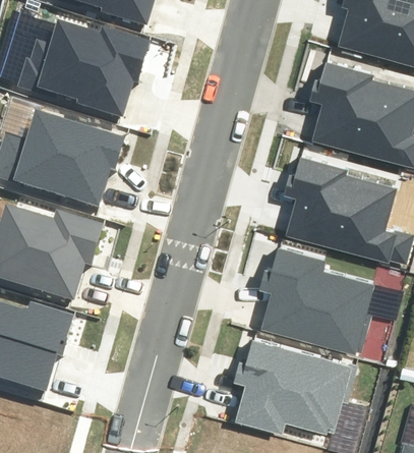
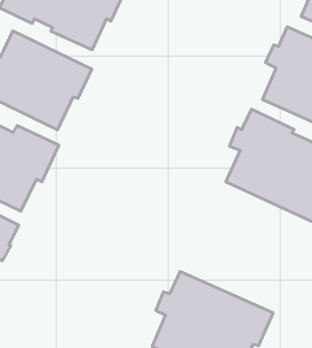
building: [258,247,374,356] -> none

